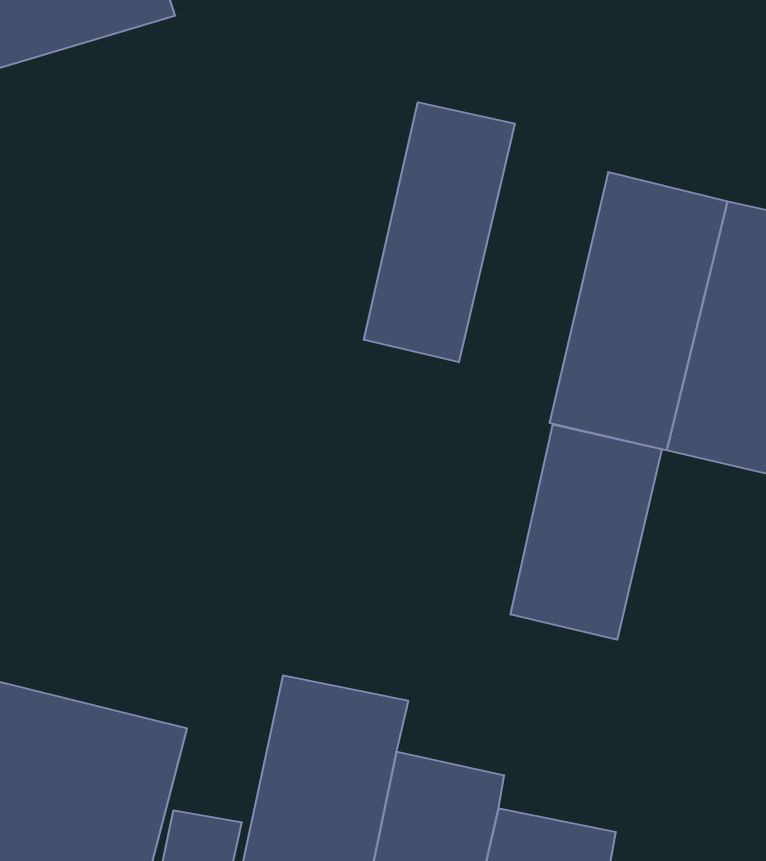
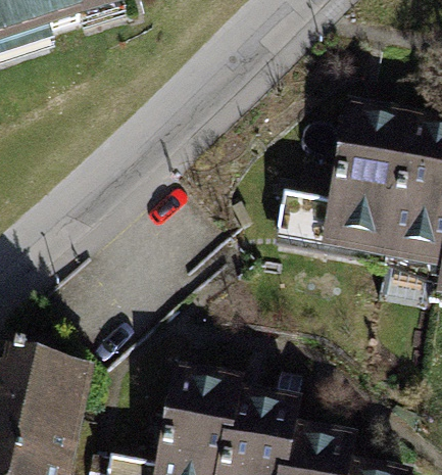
building: [364,102,515,362] -> none
building: [510,425,662,640] -> none

